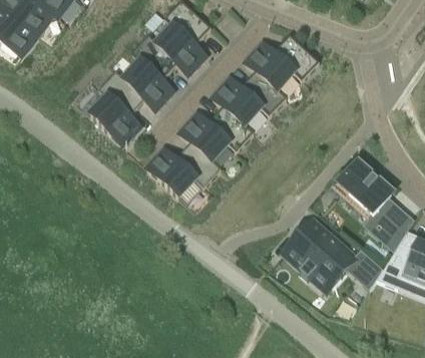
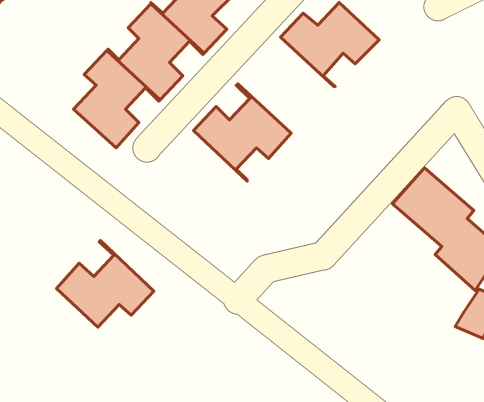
building: [214,60,286,132] -> none
building: [147,130,221,196] -> [57,240,154,327]
building: [285,220,383,289] -> none

